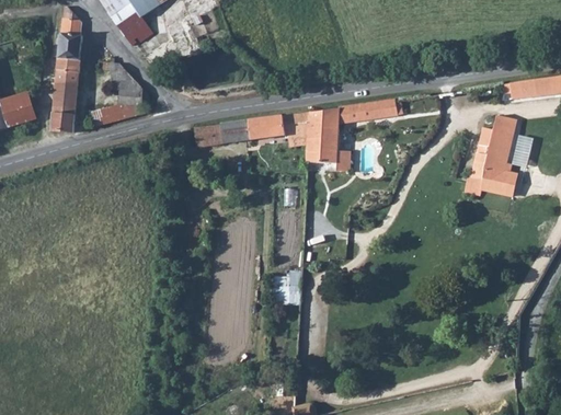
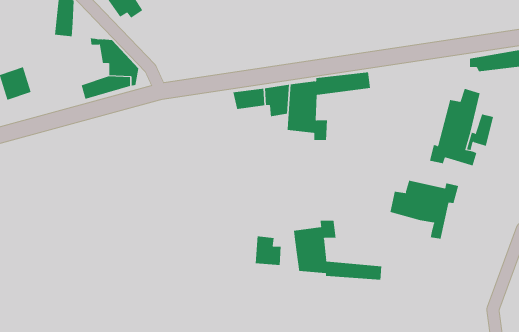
building: [51,58,78,131] -> none
building: [193,119,253,146] -> none
building: none -> [390,180,459,239]
building: none -> [293,220,382,281]

